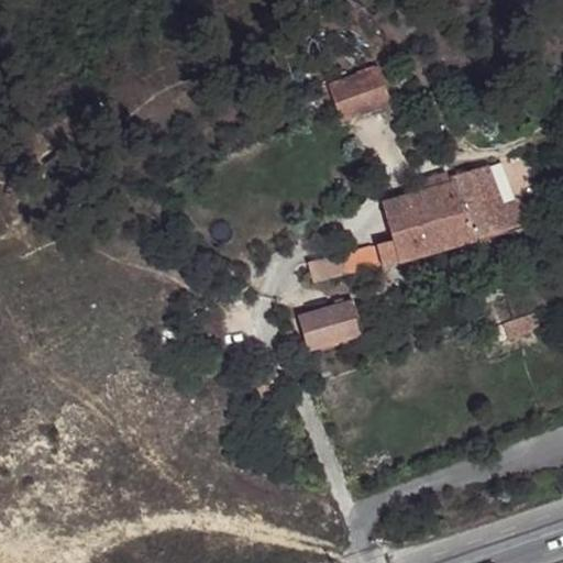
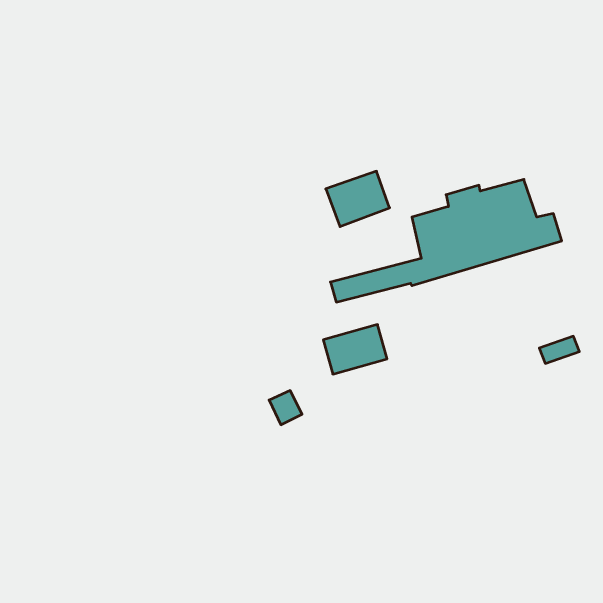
building: [330,69,389,121] -> [326,171,390,227]

